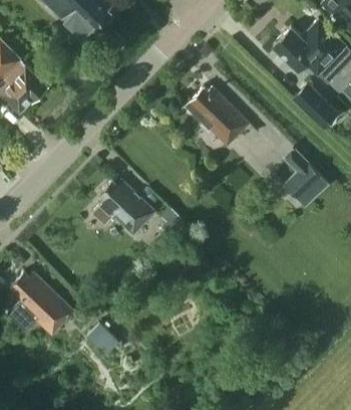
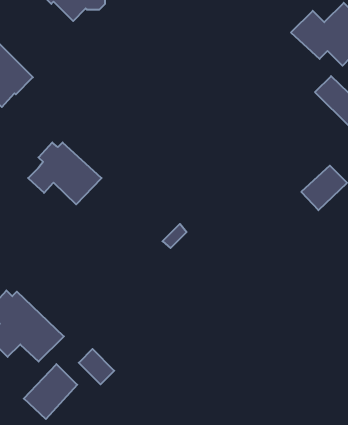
building: [187,86,250,147] -> none
building: [91,181,155,235] -> [28,142,102,204]
building: none -> [24,364,77,419]

